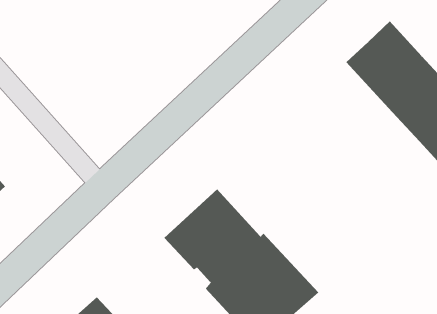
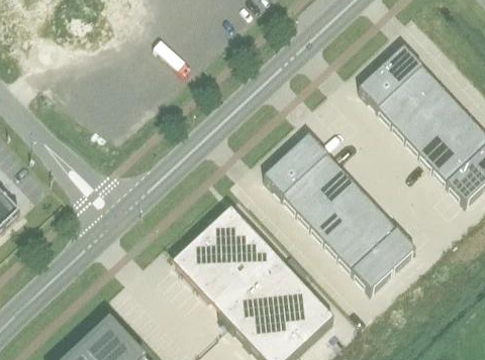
building: none -> [264,132,415,288]

